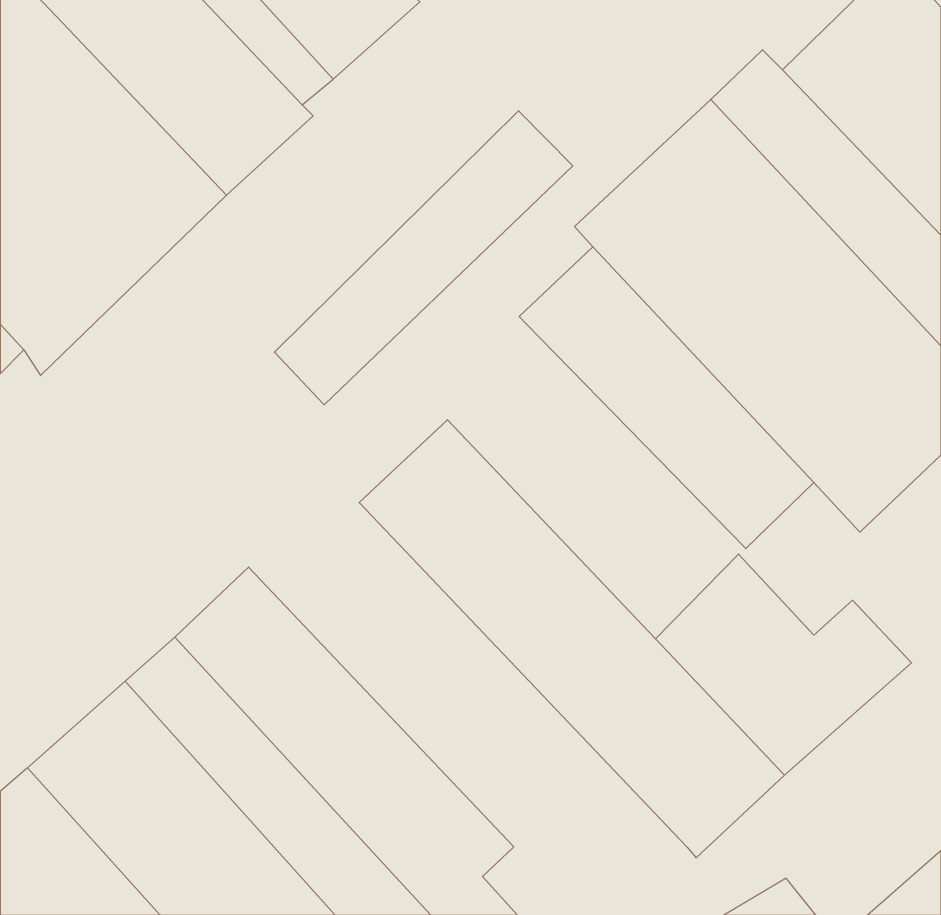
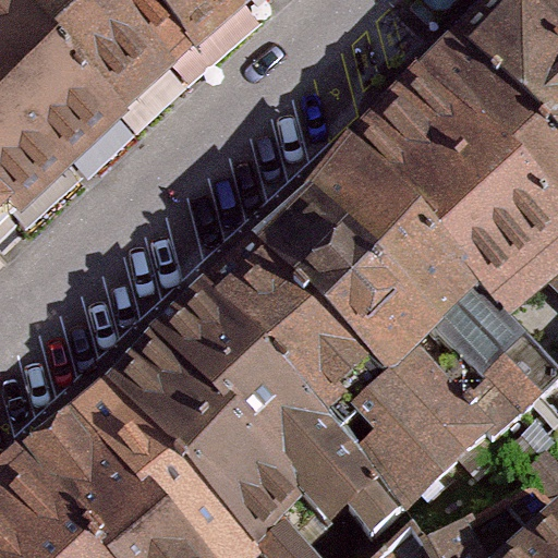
building: [274,111,573,405] -> none
building: none -> [257,192,441,378]
building: none -> [147,286,407,534]

